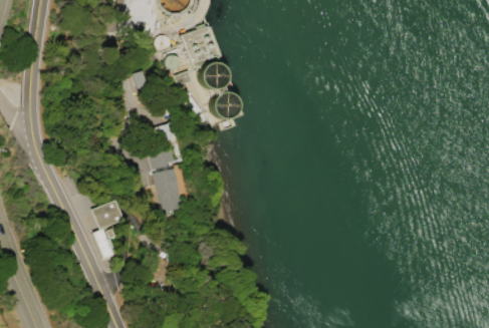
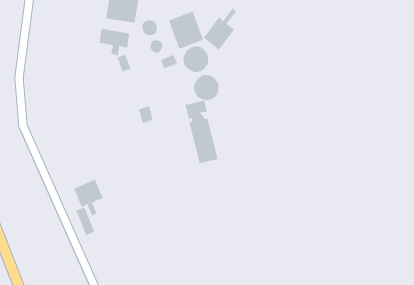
building: none -> [203,8,237,51]
building: none -> [99,28,130,56]
building: [150,149,185,216] -> [185,100,218,164]

